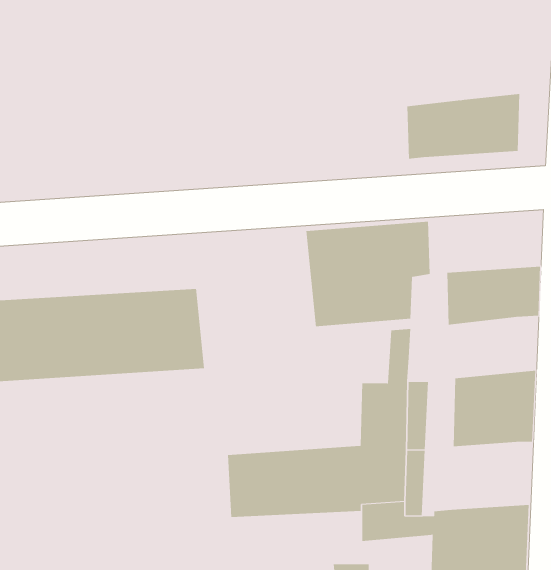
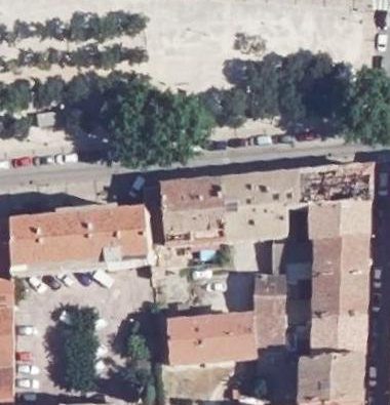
building: [407,93,520,159] -> [299,162,372,204]
building: none -> [148,176,226,265]
building: none -> [286,231,369,271]
building: none -> [313,312,365,355]

